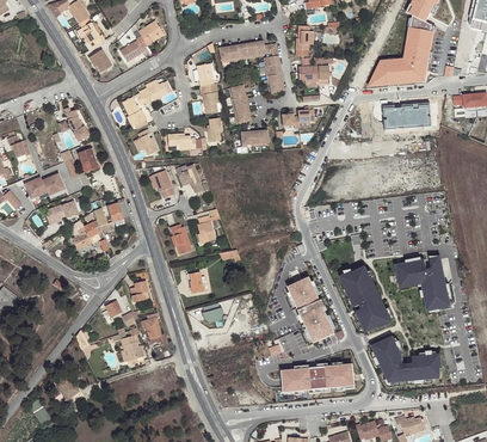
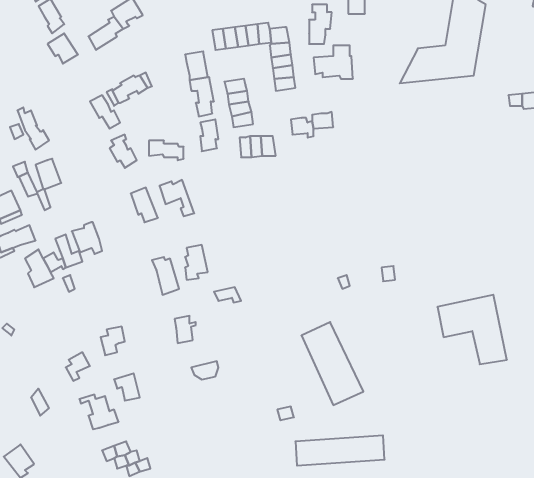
building: [382,105,431,129] -> none
building: [343,266,392,333] -> none
building: [370,337,442,383] -> none

